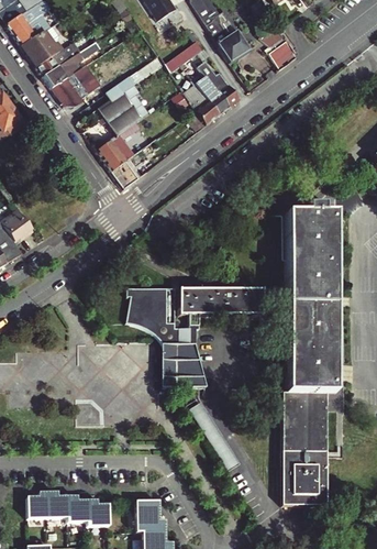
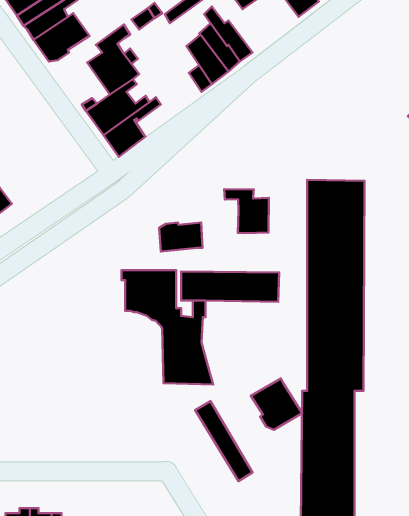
building: none -> [224,189,269,233]
building: none -> [159,222,203,252]
building: none -> [251,379,302,430]

